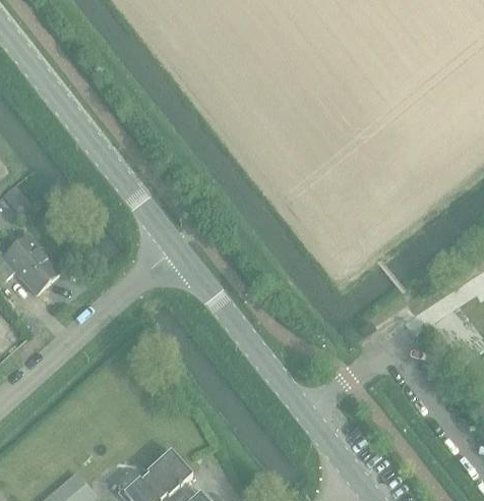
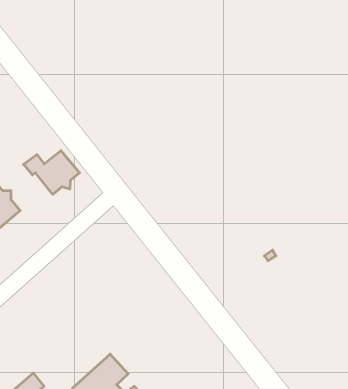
building: none -> [23,151,80,194]

